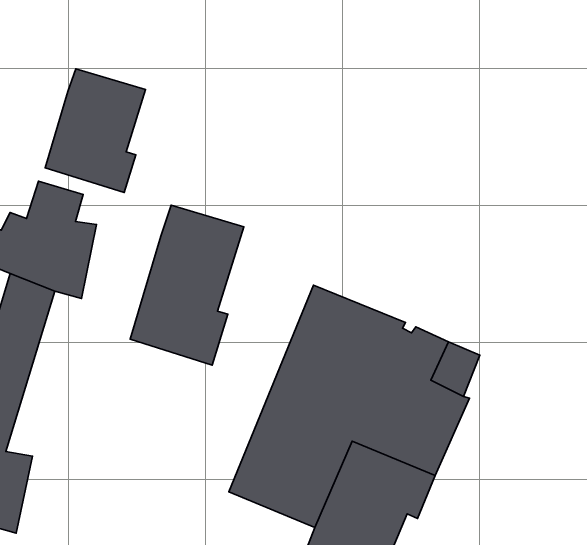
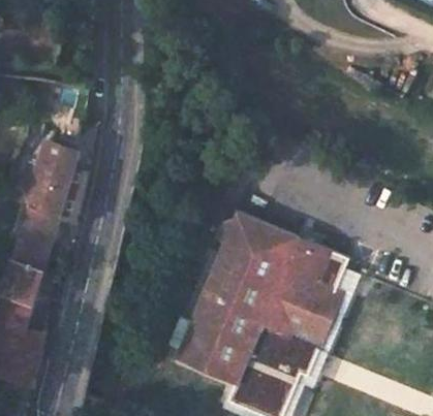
building: [45,69,145,193] -> none
building: [130,205,244,365] -> none

